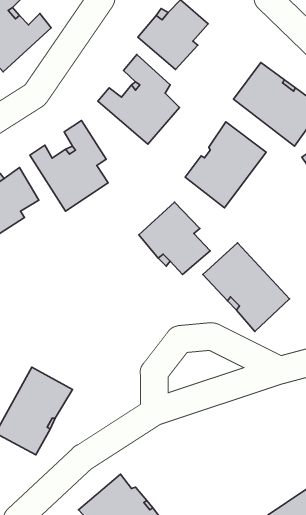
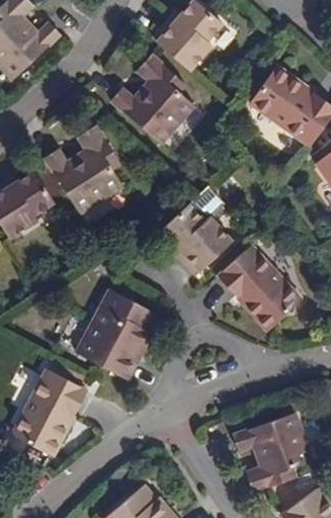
building: [185,122,266,208] -> none
building: none -> [73,287,154,378]
building: none -> [234,412,310,492]

